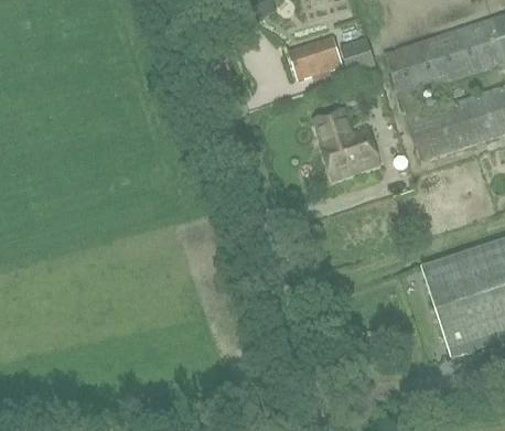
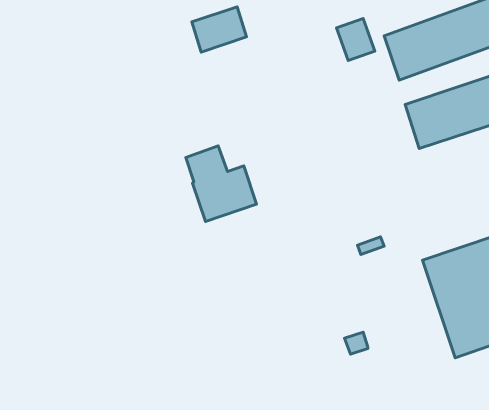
building: [290,36,342,79] -> [192,7,247,52]
building: [313,107,380,179] -> [186,146,257,221]

